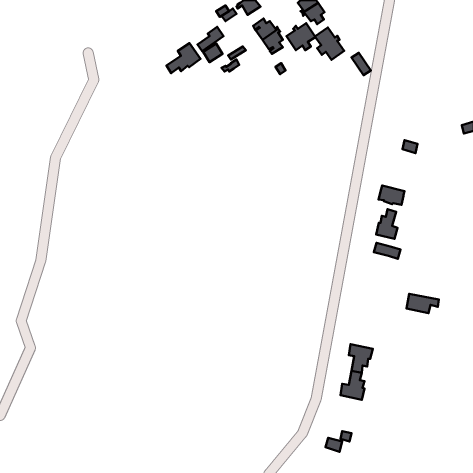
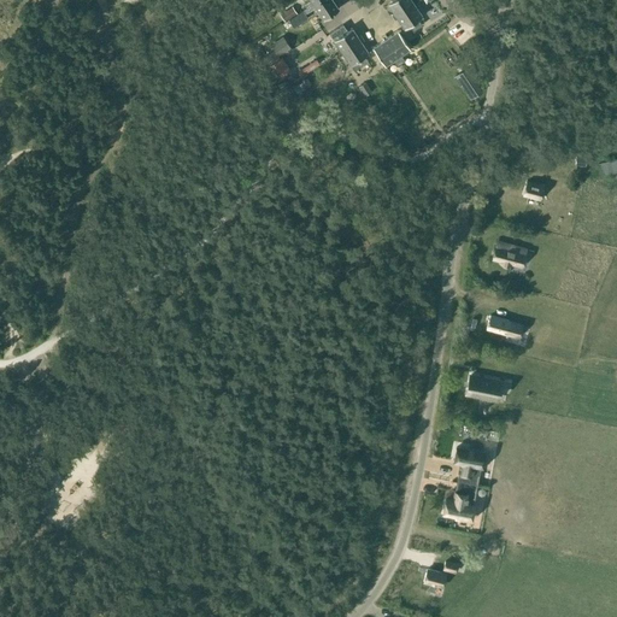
building: [315,27,344,60] -> none
building: [166,43,200,73] -> none
building: [376,209,398,239] -> none
building: [406,294,439,313] -> [468,376,510,401]

